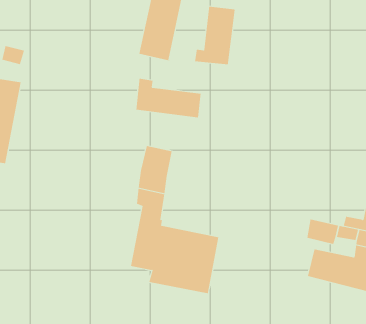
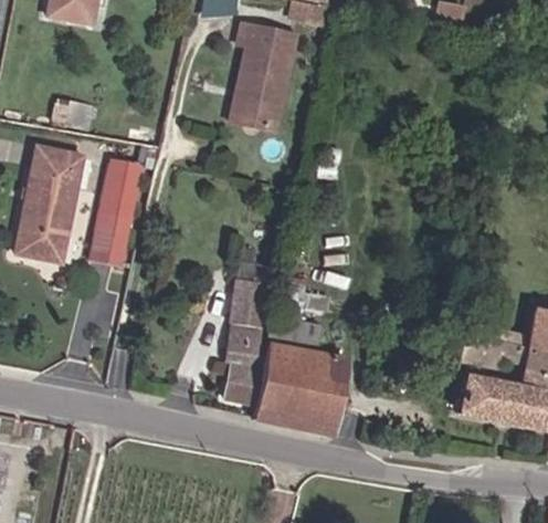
building: [194,6,237,65] -> none
building: [136,78,201,121] -> none
building: none -> [87,163,143,270]

